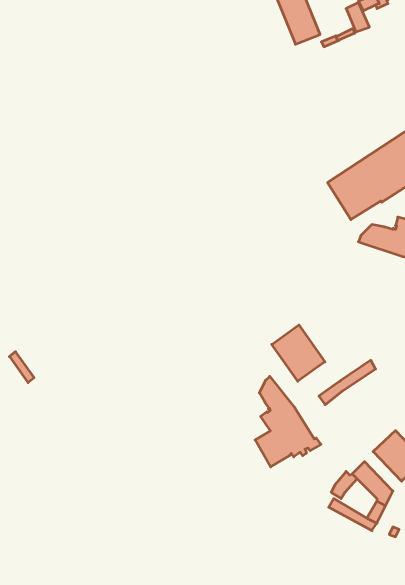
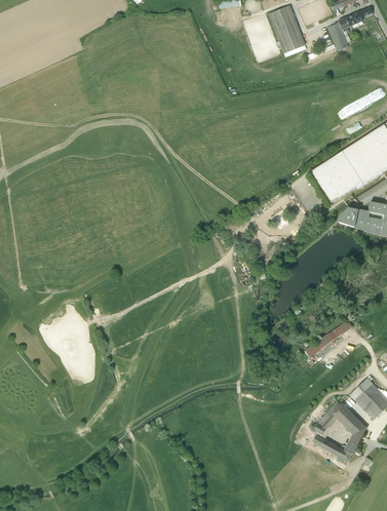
building: [272,325,325,381] -> none
building: [255,376,321,467] -> none

